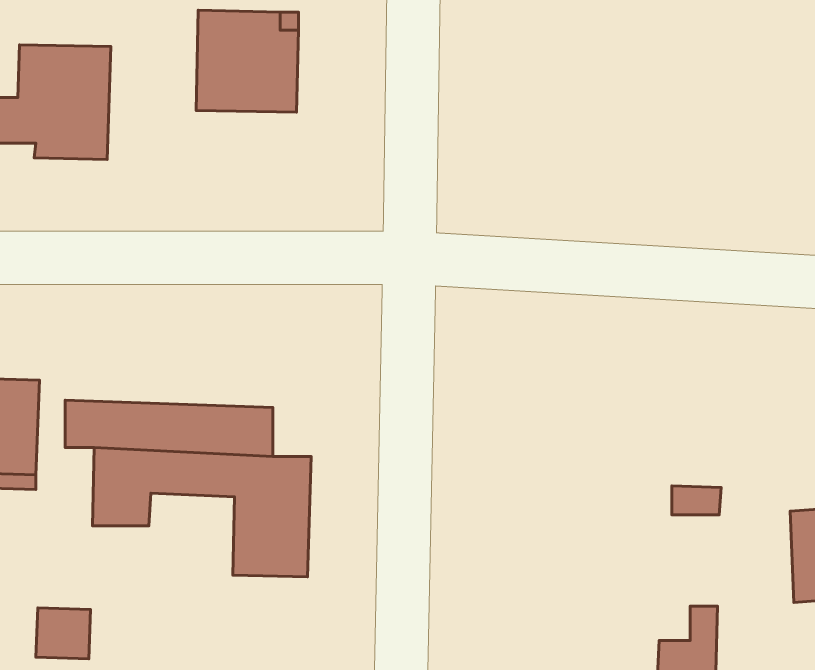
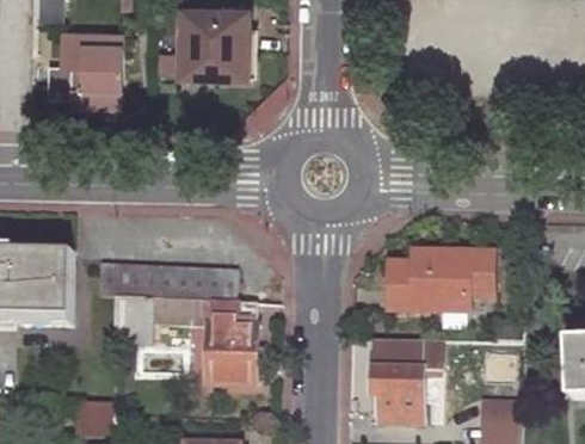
building: none -> [388,248,491,307]
building: none -> [370,337,441,420]

